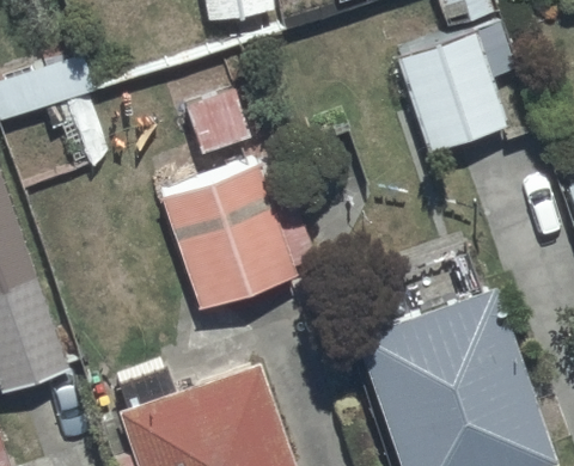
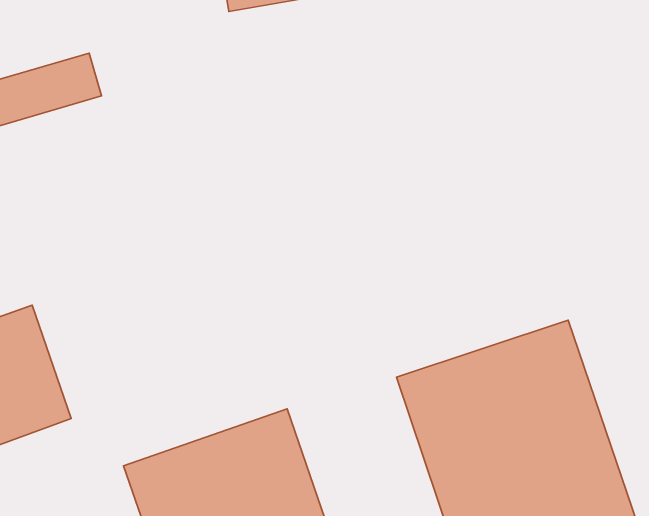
building: [396,26,520,153] -> none
building: [161,163,298,309] -> none

